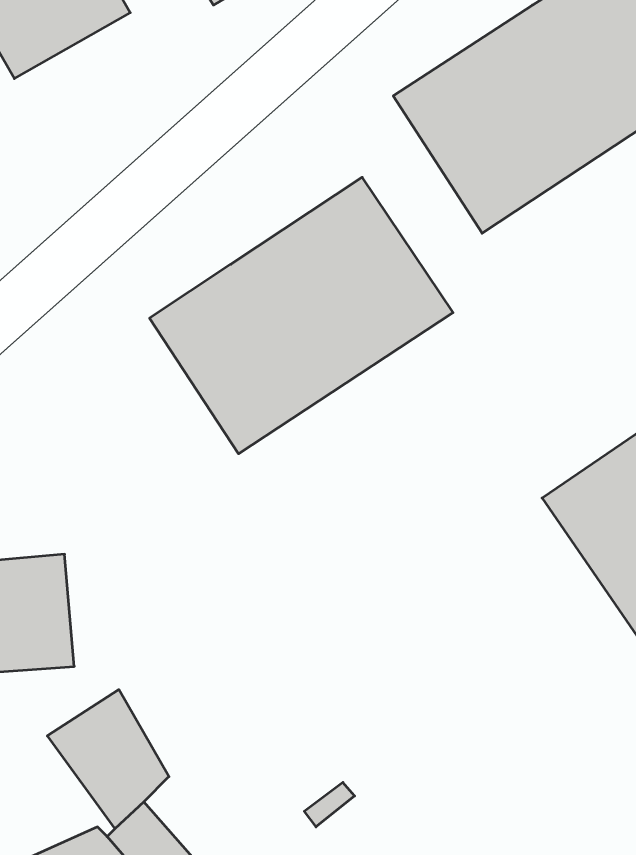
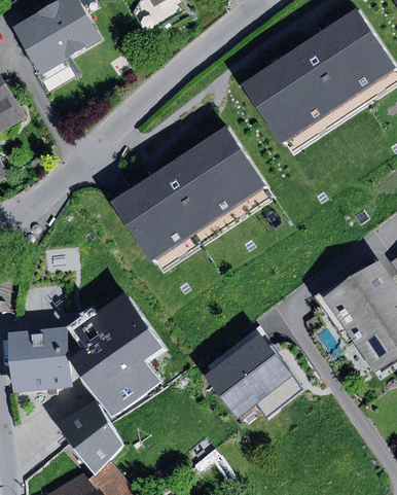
building: none -> [71,291,166,416]
building: none -> [203,329,304,419]

